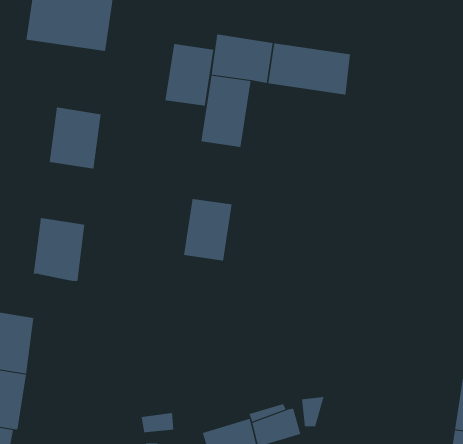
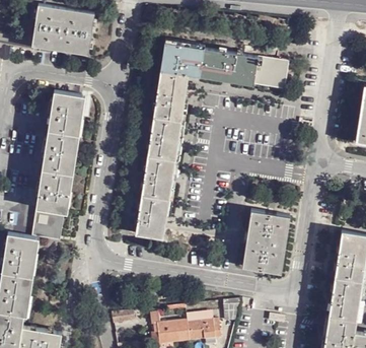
building: [165,44,214,106] -> [147,118,181,161]
building: none -> [254,57,290,89]
building: none -> [42,132,79,176]
building: none -> [135,197,169,240]
building: none -> [35,210,65,239]
building: none -> [243,211,292,276]

